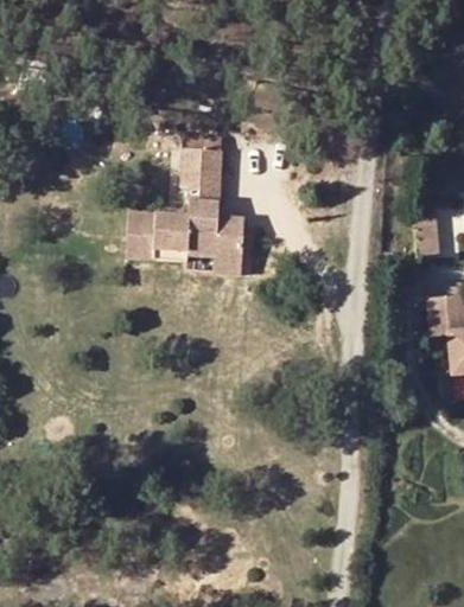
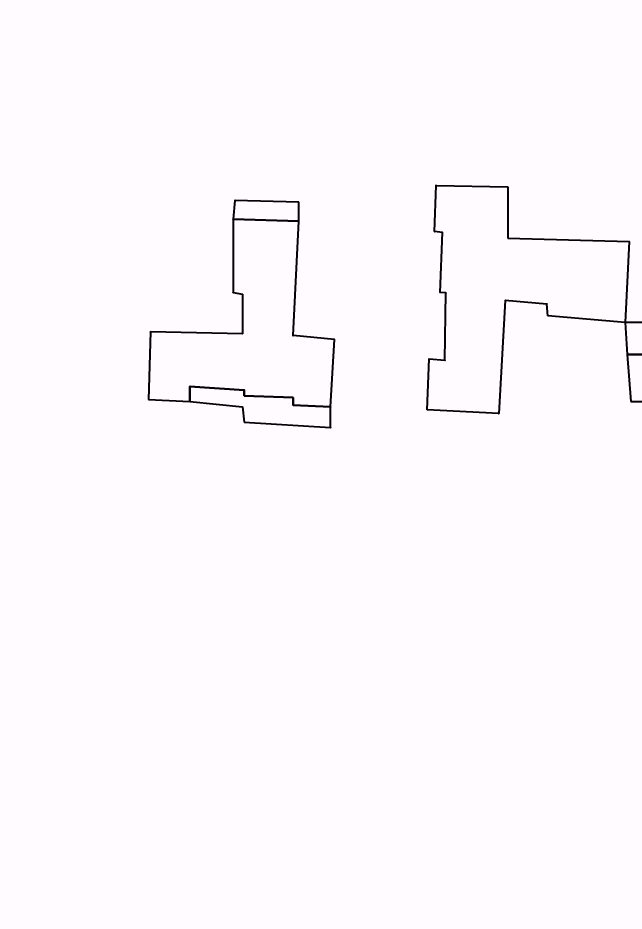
building: none -> [427,185,629,414]

